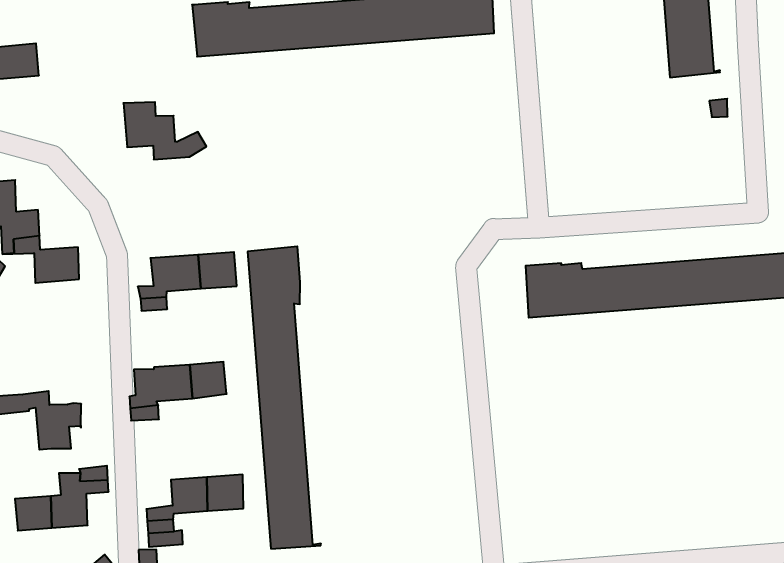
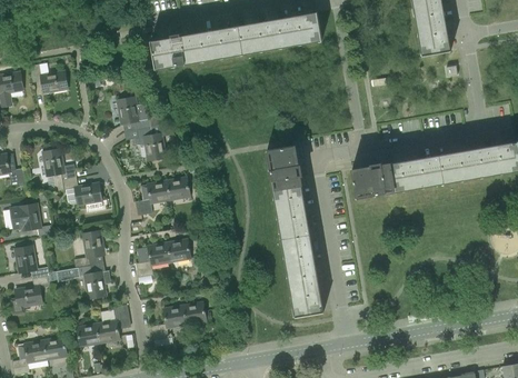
building: none -> [135,119,175,160]
building: [248,246,321,549] -> [267,145,323,316]
building: none -> [73,230,107,268]

